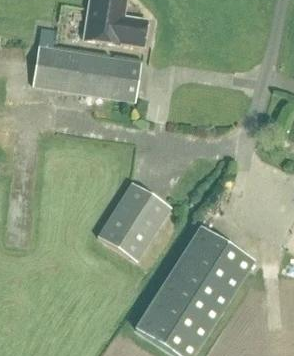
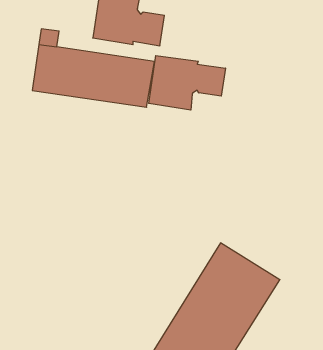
building: none -> [149,56,225,110]
building: [90,184,169,265] -> none

